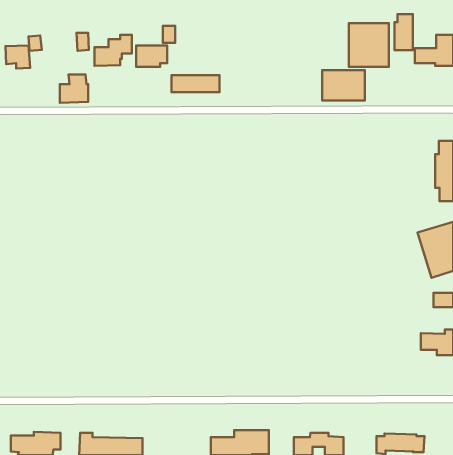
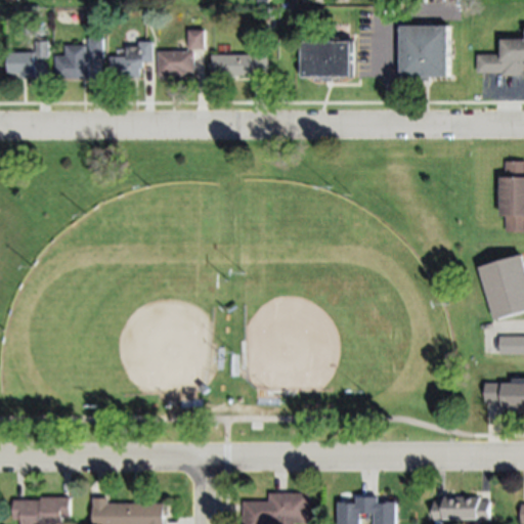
building: [394,14,413,50] -> none
building: [322,70,365,100] -> [303,42,352,77]
building: [60,74,88,103] -> [54,45,87,78]
building: [171,75,219,92] -> [211,55,266,75]

